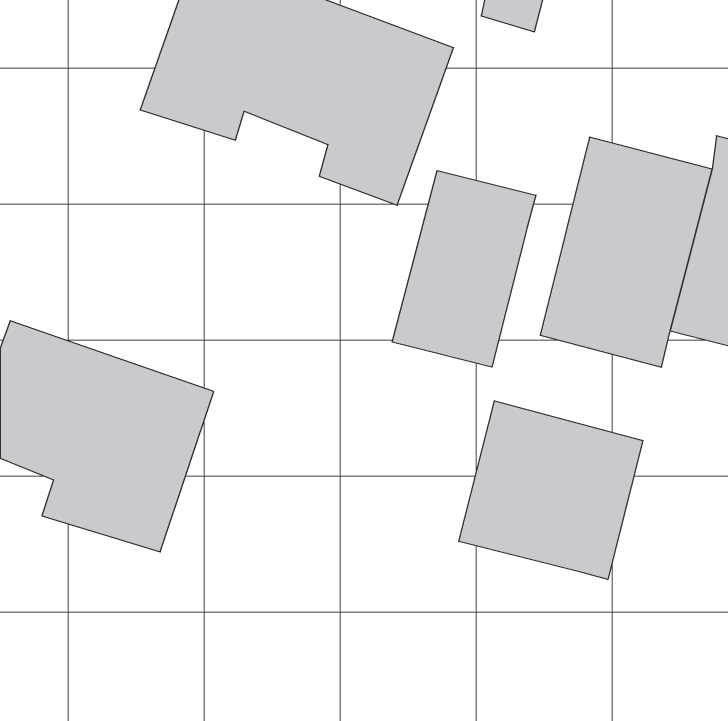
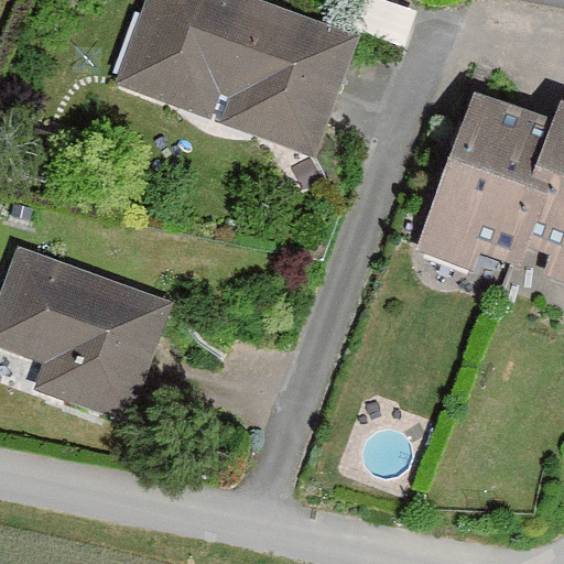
building: [392,171,536,367] -> none
building: [459,401,643,580] -> none

